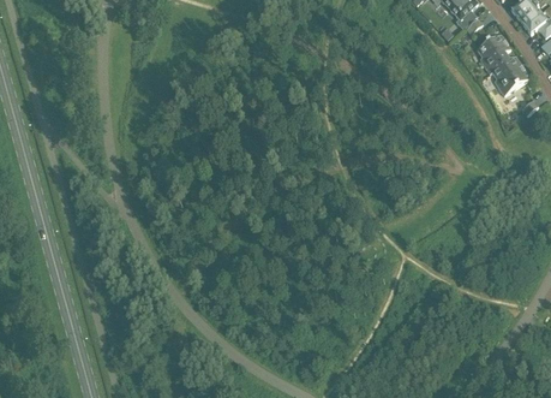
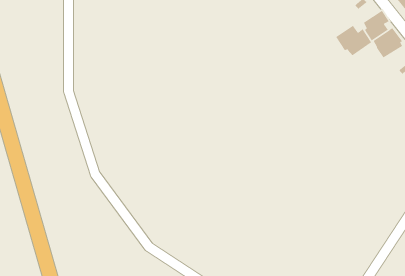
building: none -> [335,25,372,56]

